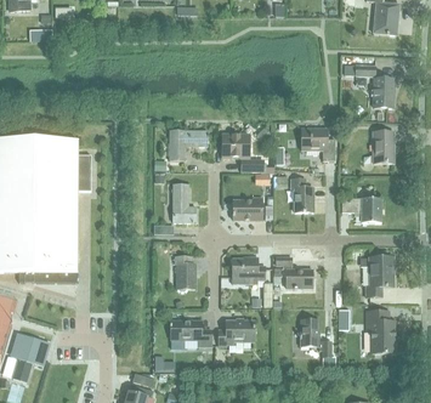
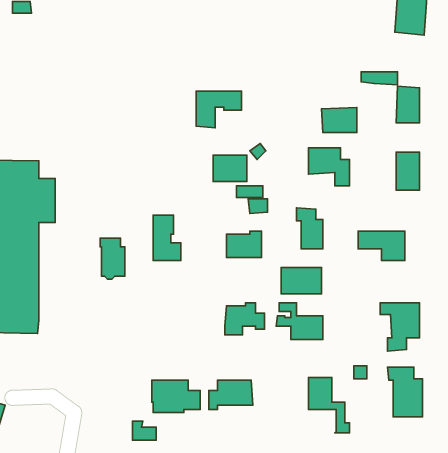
building: none -> [321,107,357,132]
building: [169,130,206,160] -> [196,91,241,128]
building: none -> [281,268,321,294]
building: [174,256,194,290] -> [100,238,125,279]

